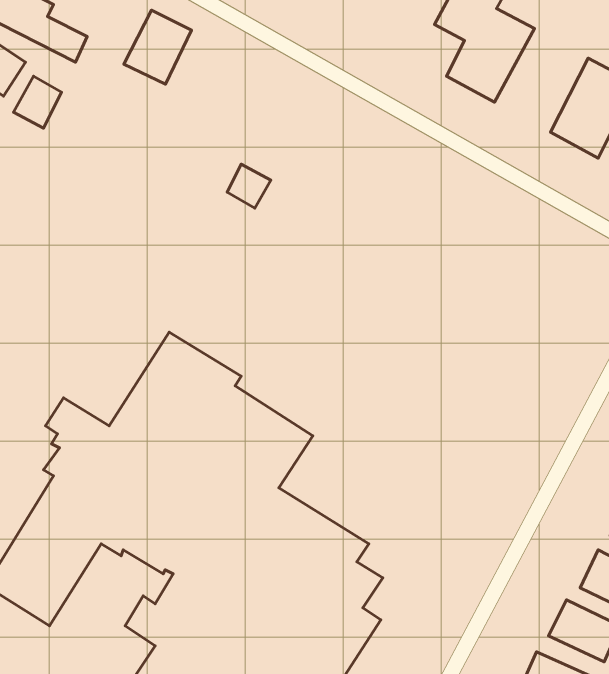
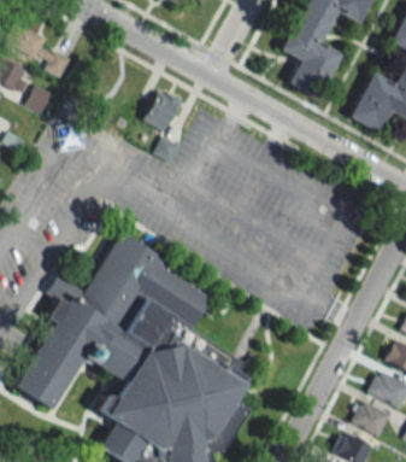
building: [124,10,192,84] -> [143,87,184,131]

